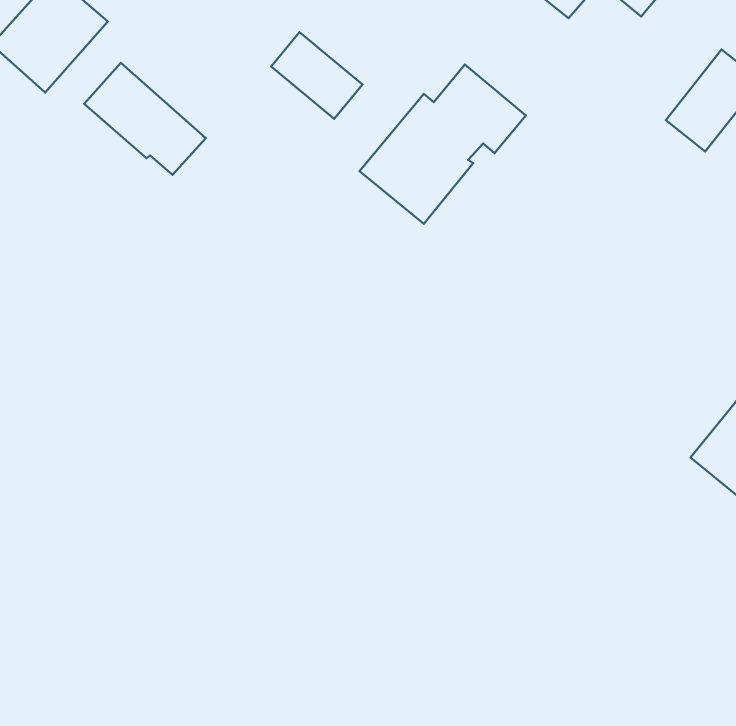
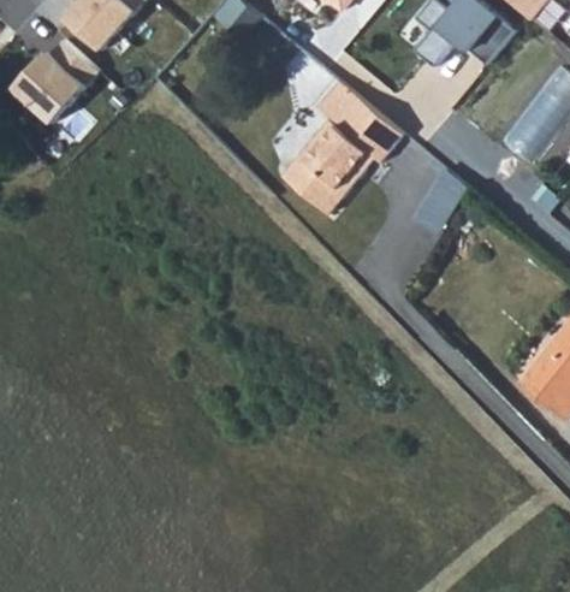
building: [271,32,363,119] -> none
building: [84,63,206,175] -> none

